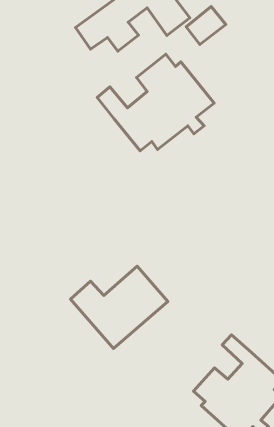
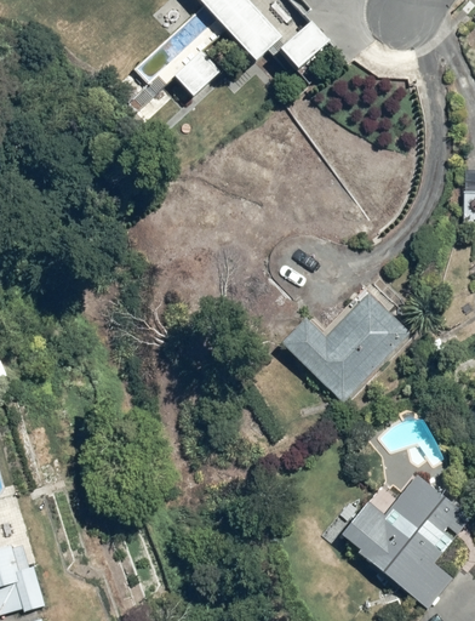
building: [97,54,214,151] -> none
building: [70,266,168,349] -> [282,290,412,403]

